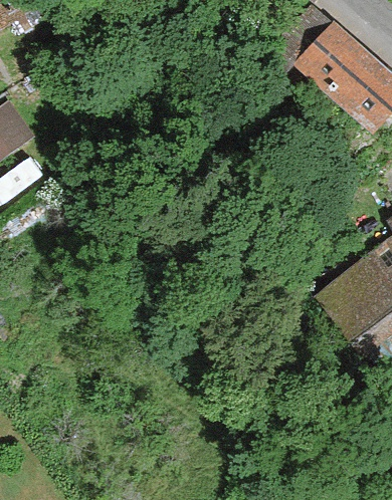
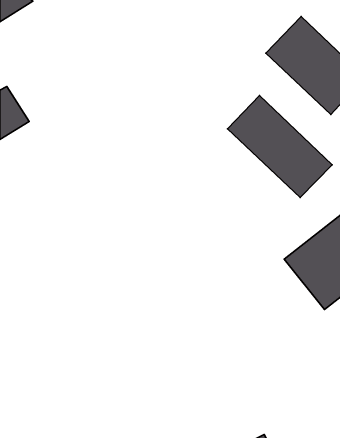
building: none -> [228,95,332,197]

